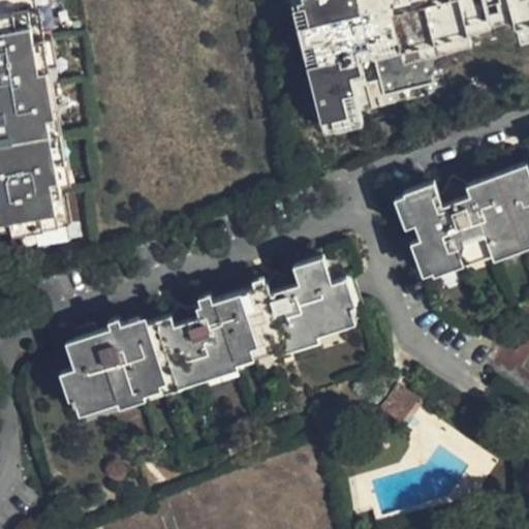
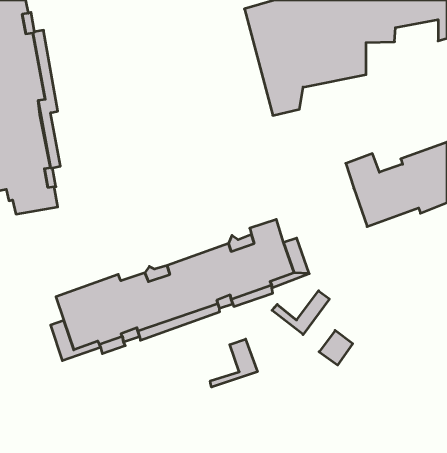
building: none -> [272,291,329,335]
building: none -> [210,339,257,387]

